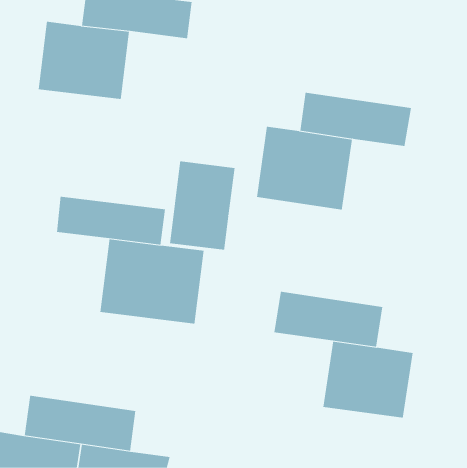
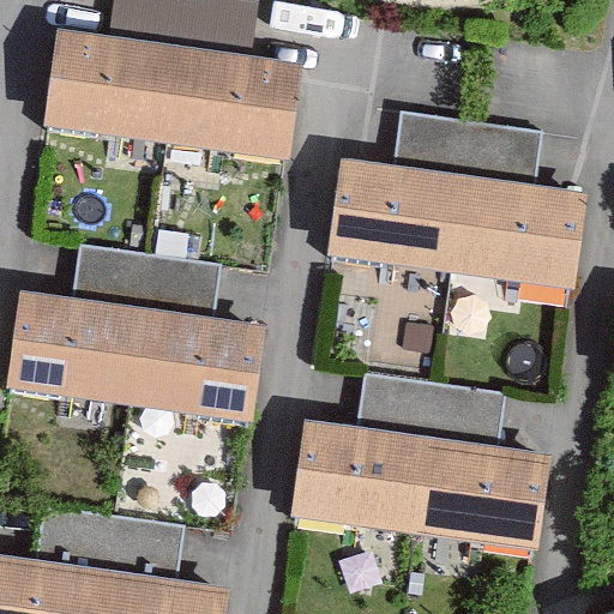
building: none -> [158,41,295,145]
building: none -> [446,181,580,291]
building: [169,161,235,251] -> none
building: none -> [13,296,142,407]
building: none -> [302,427,433,530]

